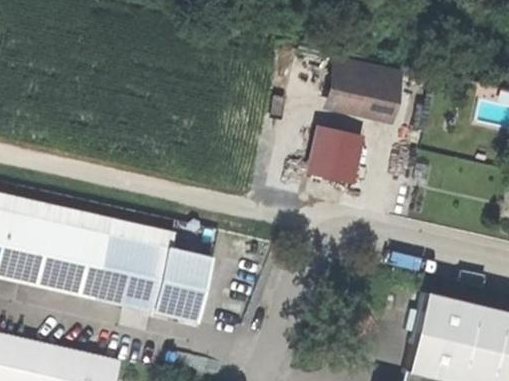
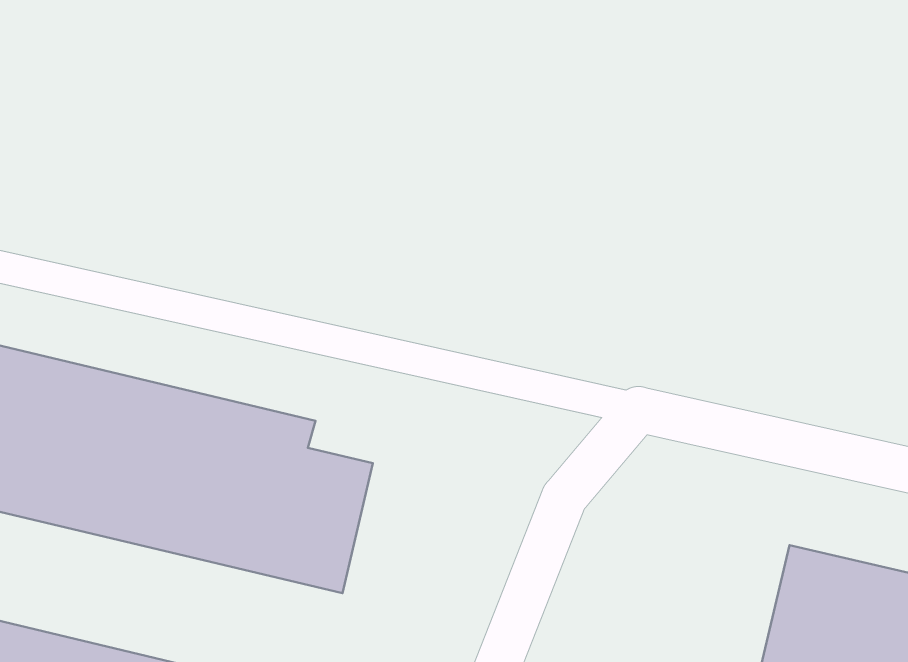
building: [324,60,405,125] -> none
building: [308,130,367,188] -> none

